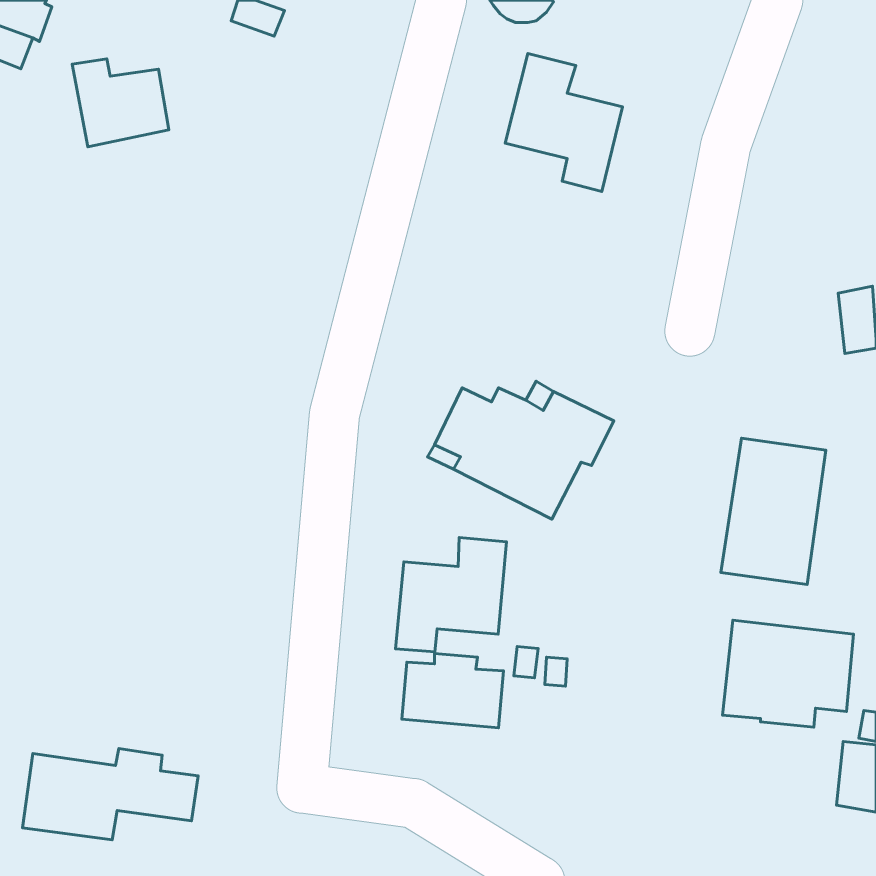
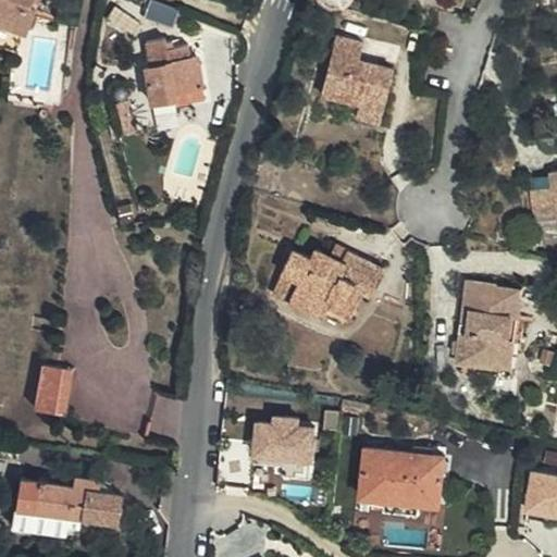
building: [72,59,169,147] -> [140,49,201,104]
building: [396,537,507,652] -> none
building: none -> [36,363,74,412]
building: [722,620,853,727] -> [360,449,443,517]

